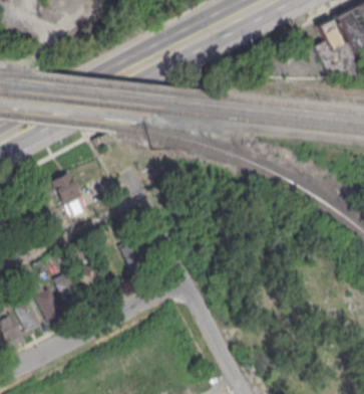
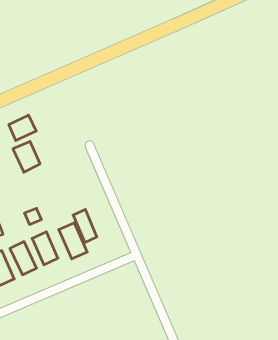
building: none -> [9,115,36,141]
building: none -> [59,223,87,259]

